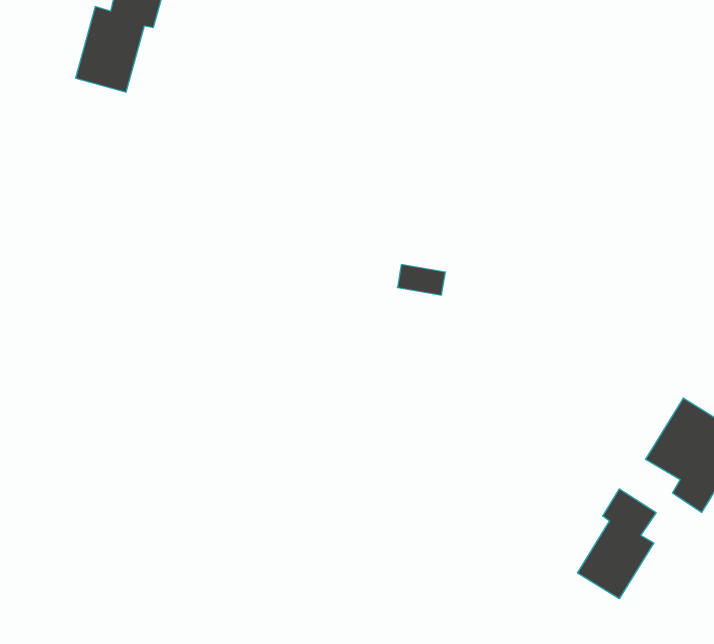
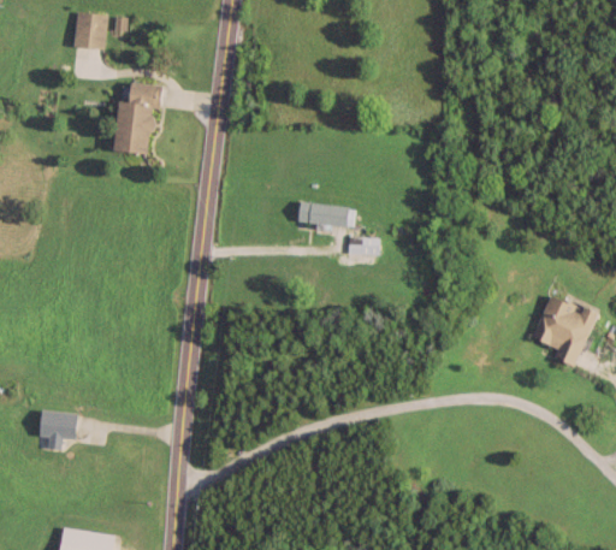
building: none -> [298,202,356,229]
building: [578,489,656,599] -> none

